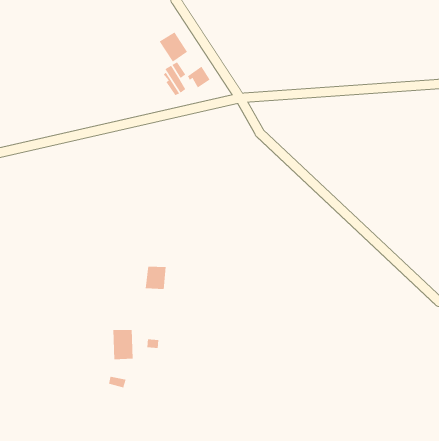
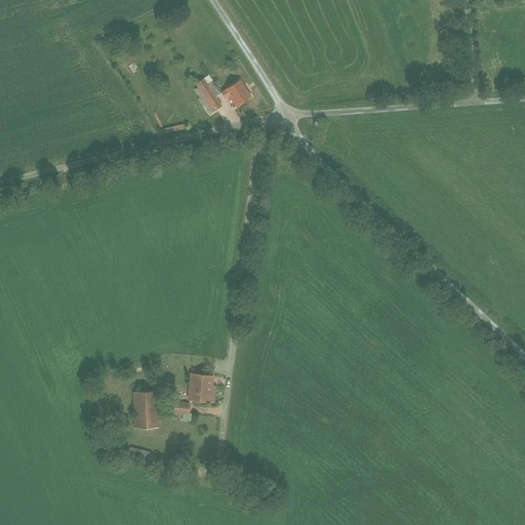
building: [159,31,188,63] -> none
building: [145,266,166,289] -> [188,374,213,402]

